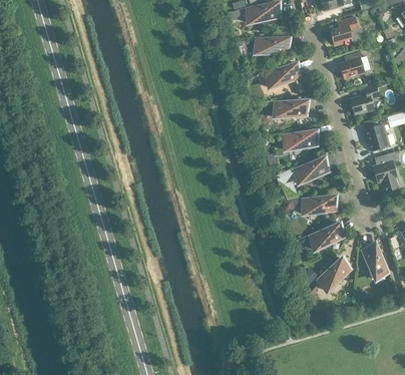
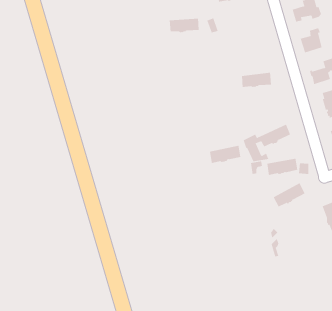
building: [255,37,289,53] -> [169,18,200,33]
building: [265,62,301,87] -> none
building: [283,129,318,149] -> [209,145,241,163]
building: [318,257,351,290] -> none

